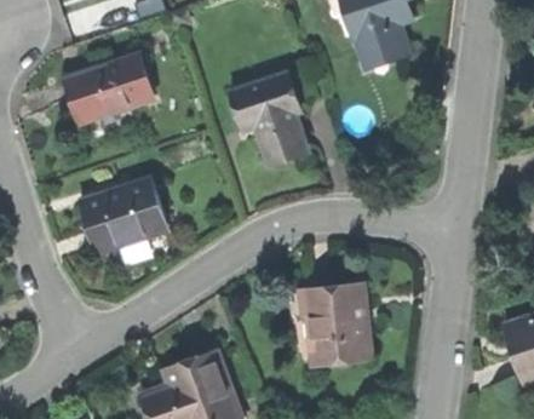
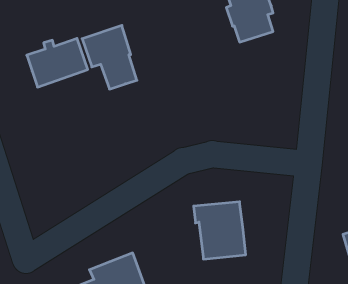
building: [229,71,304,159] -> [82,25,137,89]
building: [80,180,165,256] -> none

